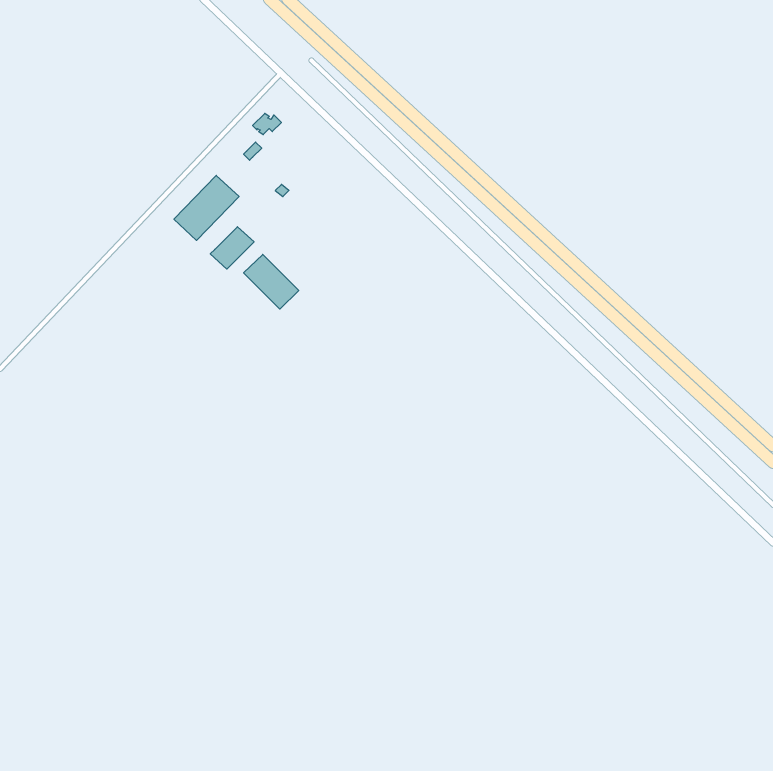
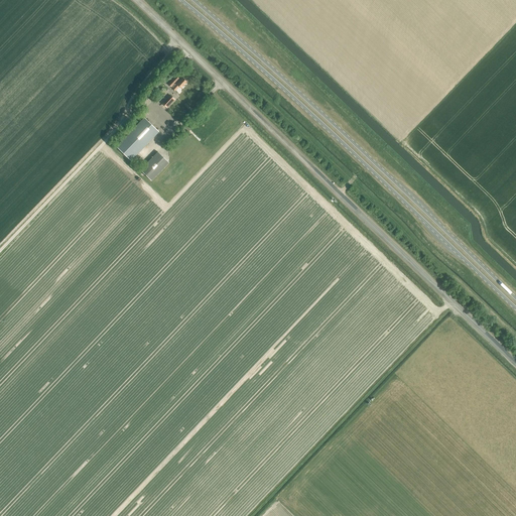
building: [244,254,299,309] -> none

